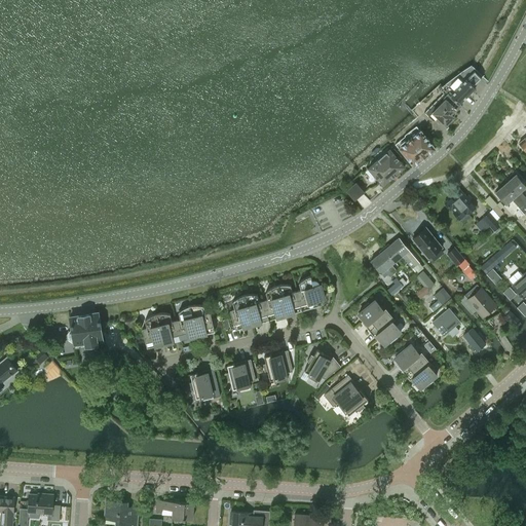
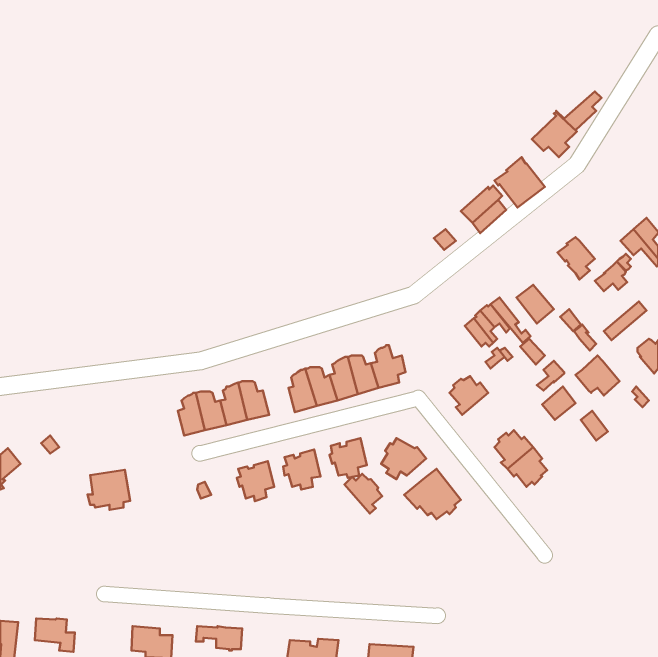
building: [68,313,102,345] -> [88,470,130,510]
building: [369,314,401,345] -> none
building: none -> [345,474,382,514]

